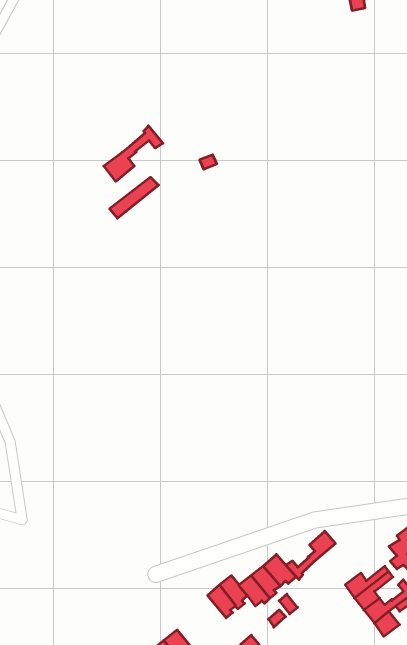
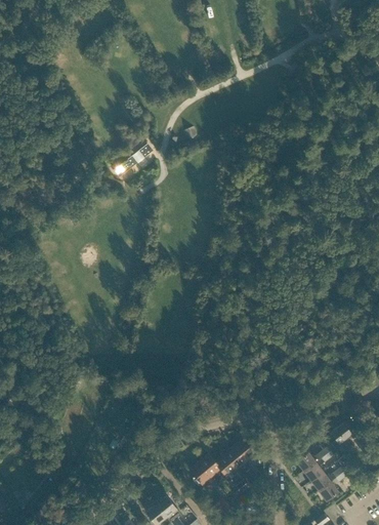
building: [104,126,163,181] -> none
building: [286,531,335,580] -> none

